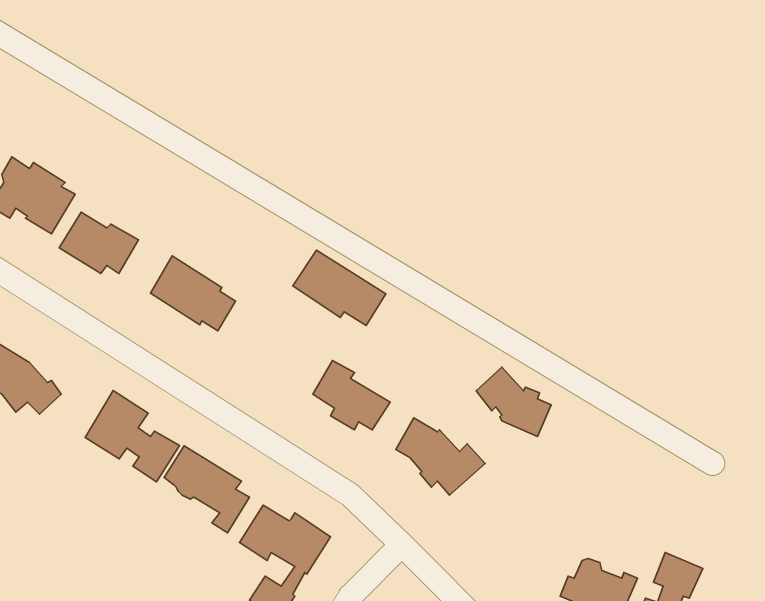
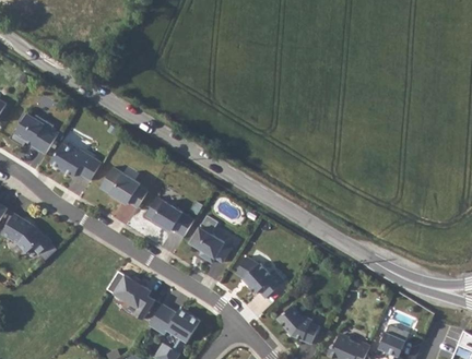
building: [293,250,386,326] -> [143,194,194,236]
building: [476,367,551,437] -> [276,304,318,343]
building: [85,390,180,482] -> none

